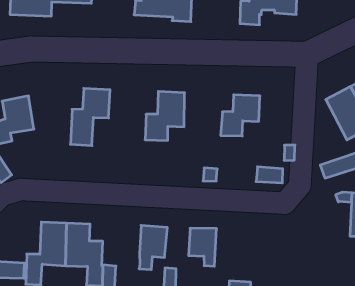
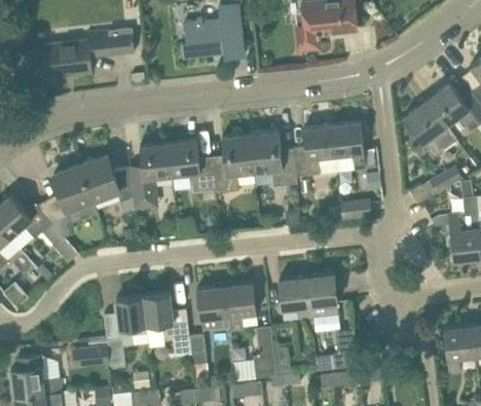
building: none -> [169,140,216,201]
building: none -> [81,155,135,213]
building: none -> [250,132,297,185]
building: none -> [332,122,366,171]
building: none -> [196,286,230,331]
building: none -> [307,273,338,318]

